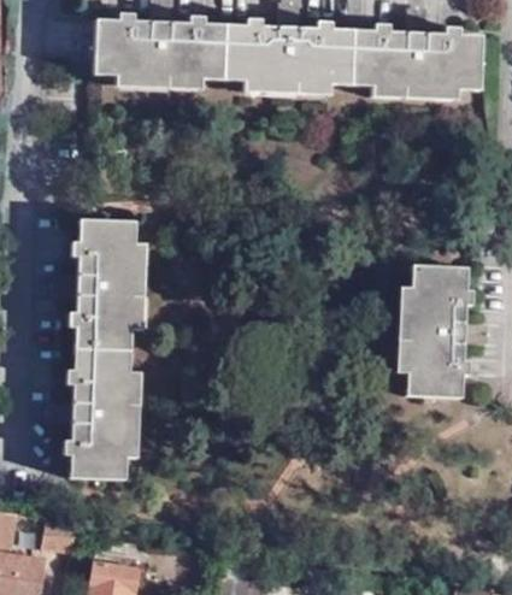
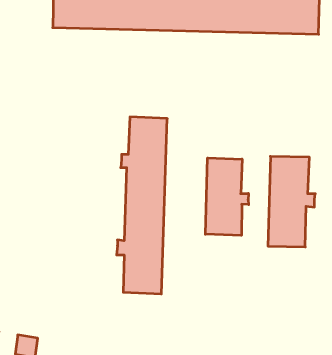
building: [60,225,134,482] -> [117,117,167,294]
building: none -> [205,158,249,235]

